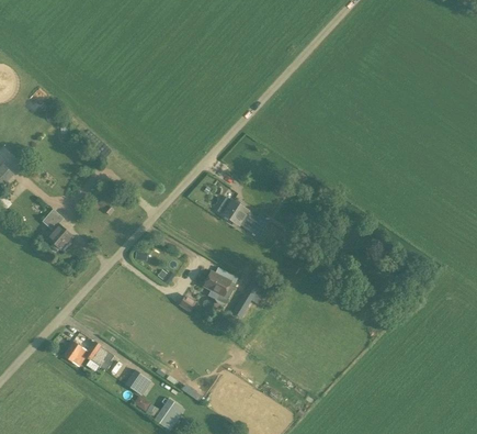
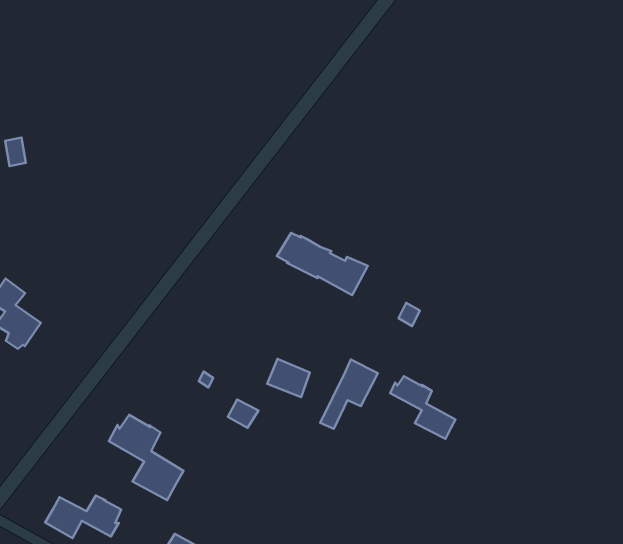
building: none -> [390,376,456,439]
building: none -> [109,415,183,500]

